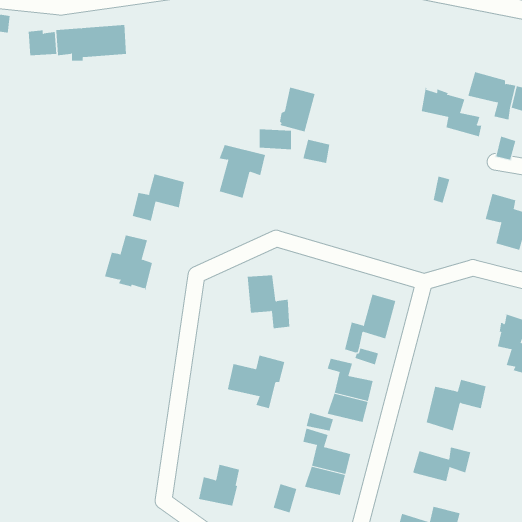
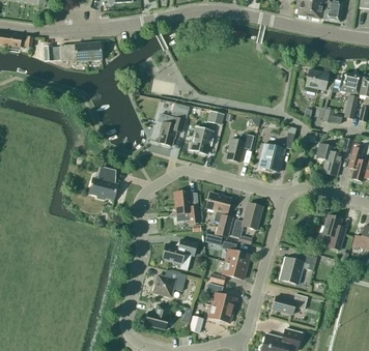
building: [279,87,316,132] -> [190,126,211,153]
building: [421,87,482,137] -> none
building: [132,173,185,222] -> none
building: none -> [225,134,253,162]
building: none -> [258,143,283,171]
building: none -> [206,193,231,236]
building: none -> [152,269,186,296]

